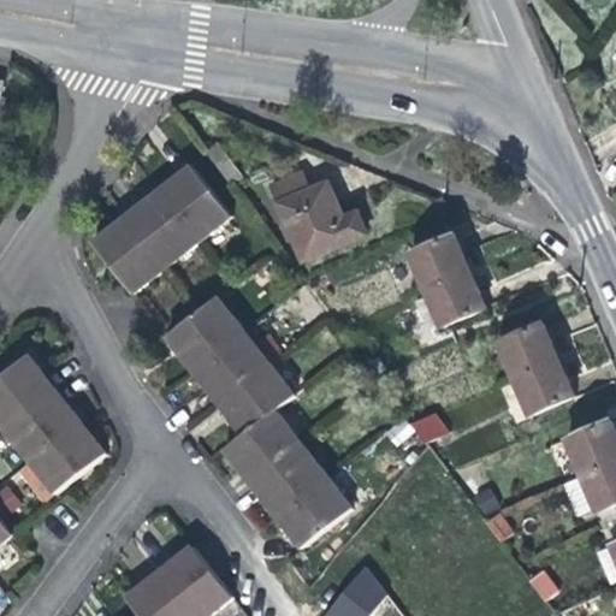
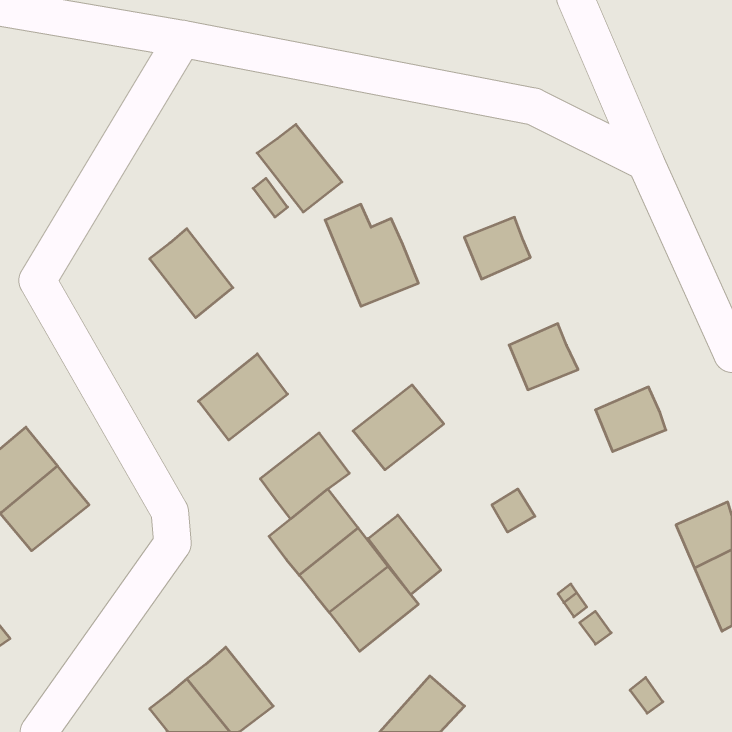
building: [156,167,227,241] -> [257,124,342,212]
building: [91,217,164,291] -> none
building: [411,237,467,289] -> [464,217,530,279]
building: [191,330,267,401] -> [353,385,444,470]
building: [513,360,573,413] -> none
building: [26,422,101,493] -> none
building: none -> [368,515,441,595]

